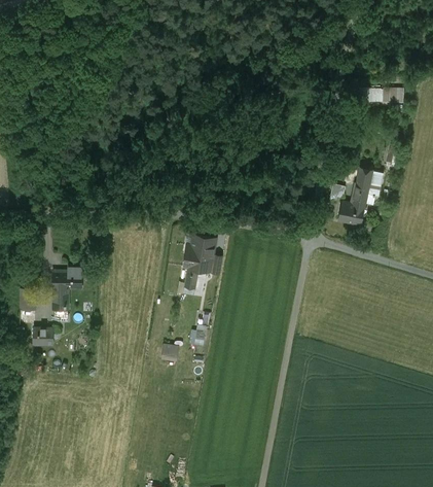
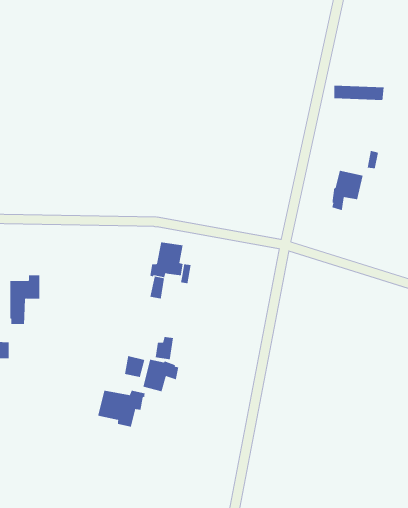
building: [336,202,363,224] -> none
building: none -> [143,359,179,392]
building: none -> [97,390,145,427]

